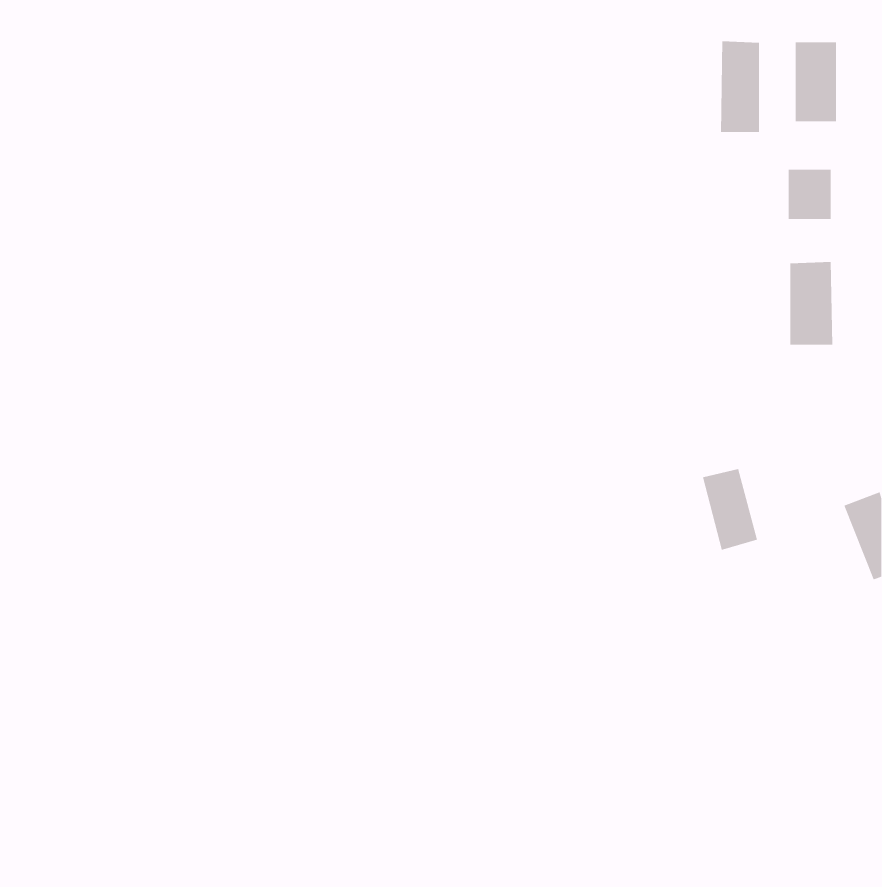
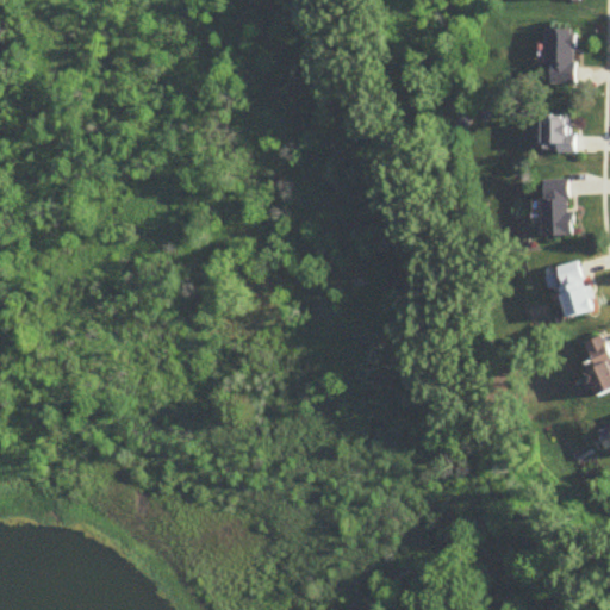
building: [720,40,760,133] -> none
building: [702,469,758,550] -> [554,262,592,318]

